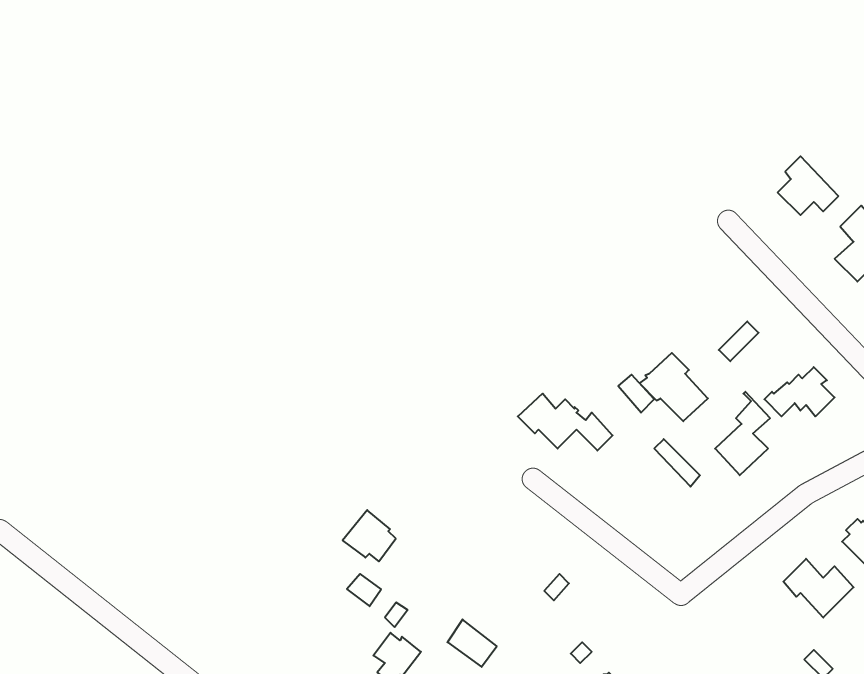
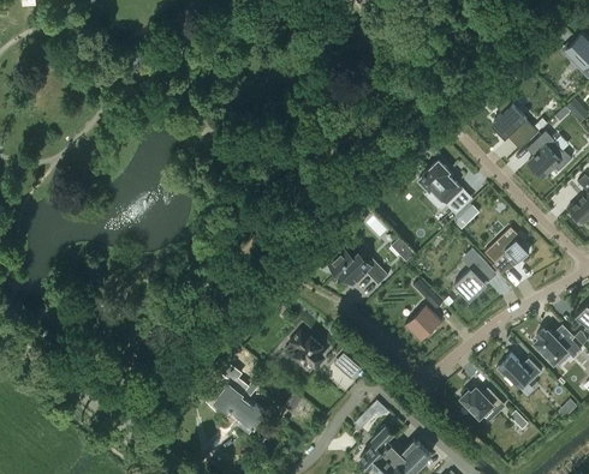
building: [640,353,708,421] -> [418,161,462,204]
building: none -> [405,306,442,343]
building: [343,510,396,561] -> [214,383,248,415]
building: none -> [291,331,327,366]
building: none -> [459,388,502,419]

